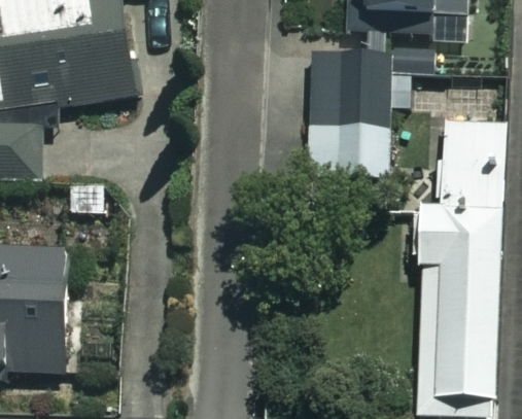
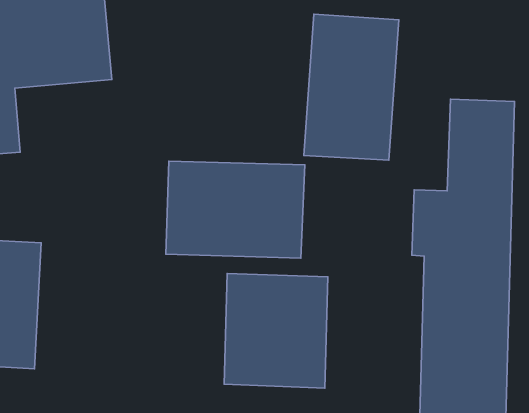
building: none -> [166,161,305,258]
building: none -> [224,274,328,388]

